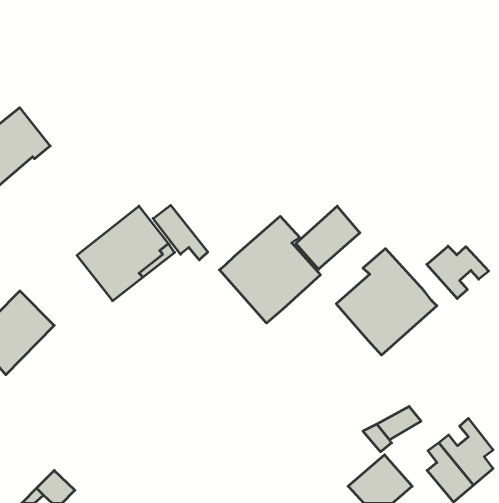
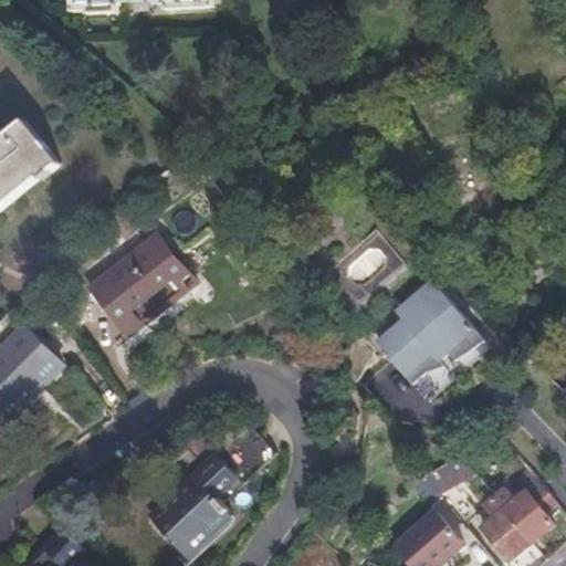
building: [153,205,208,260] -> none
building: [219,216,320,323] -> none
building: [427,246,489,299] -> none
building: none -> [154,423,273,556]

